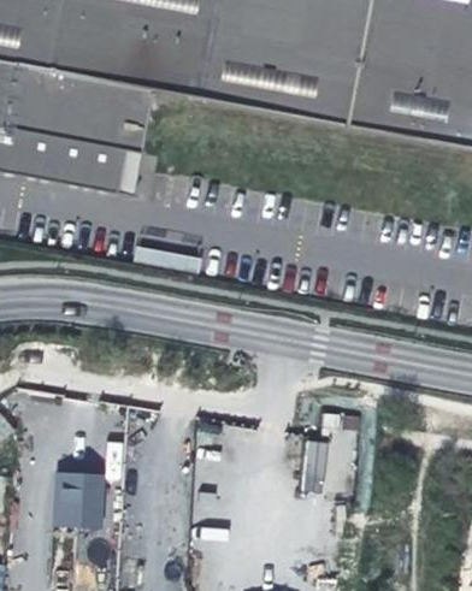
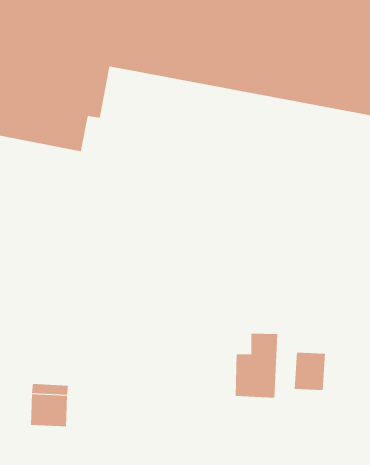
building: none -> [294,352,326,391]

